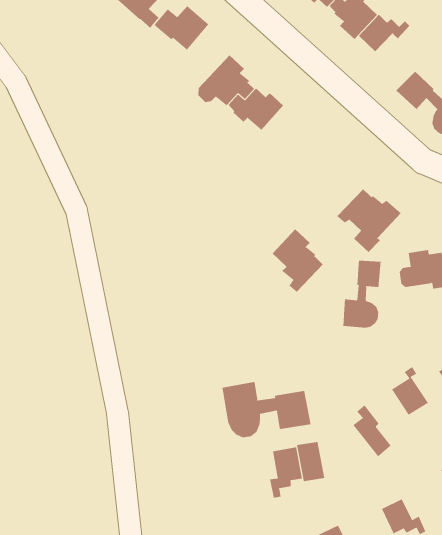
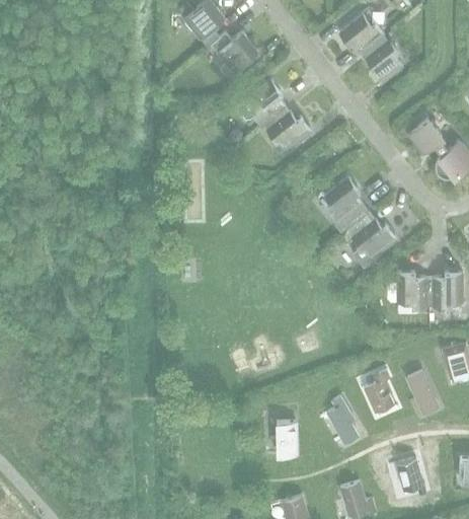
building: [358,14,410,52] -> none
building: [272,228,323,292] -> [325,177,368,232]
building: [343,260,381,329] -> none
building: [222,381,311,438] -> none
building: [270,447,303,499] -> none

